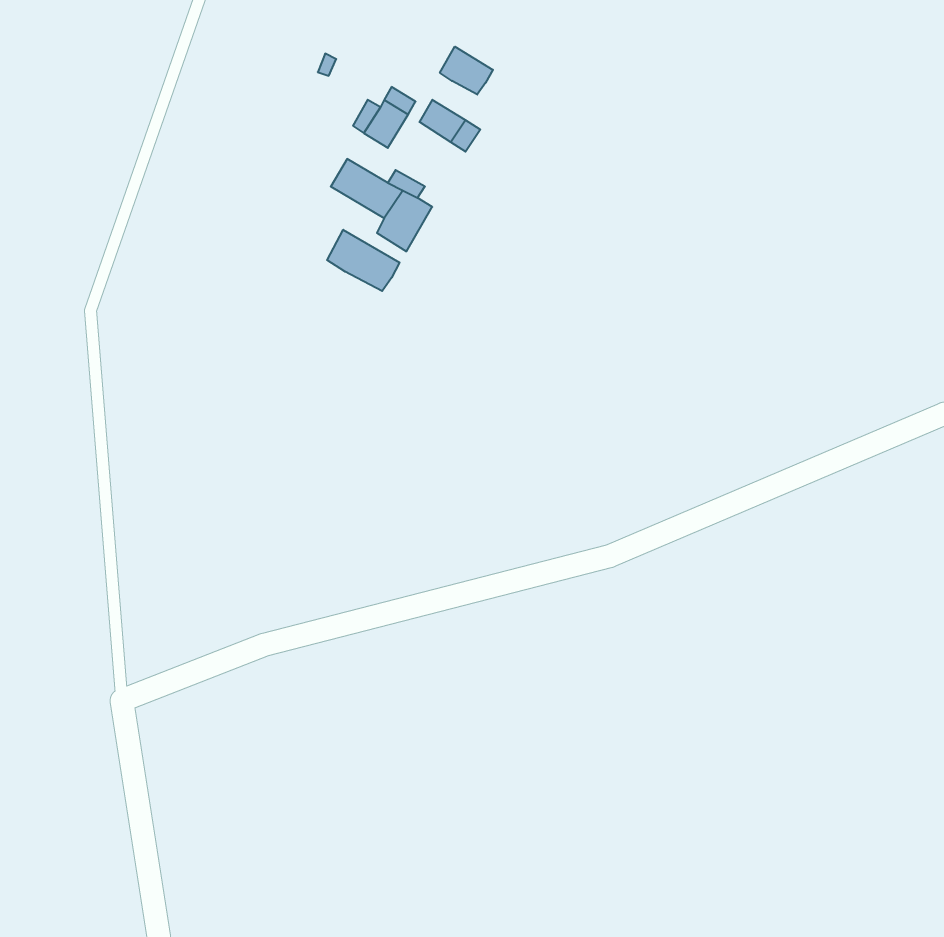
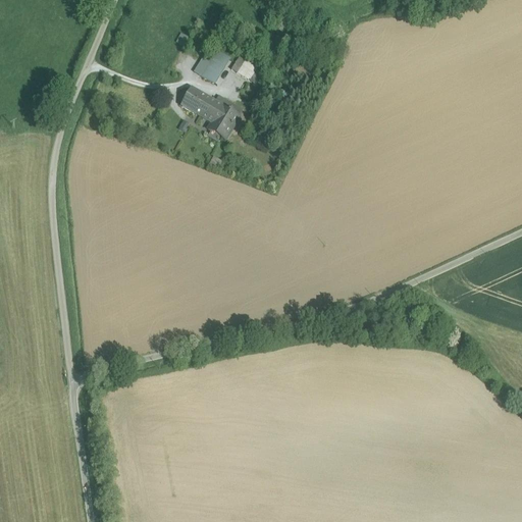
building: [440,47,493,95] -> none
building: [327,230,400,291] -> none

